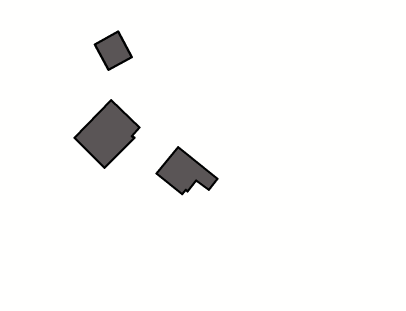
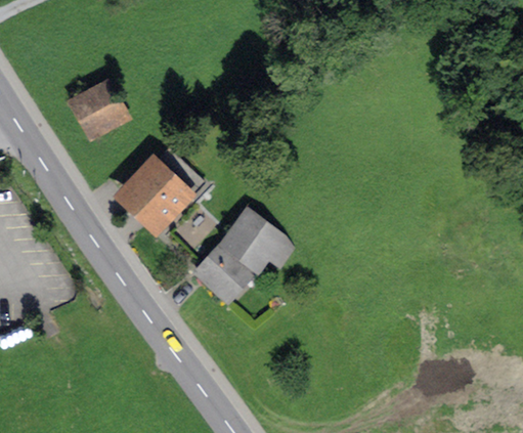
building: [95,32,132,70] -> [76,86,120,132]
building: none -> [198,244,249,297]

